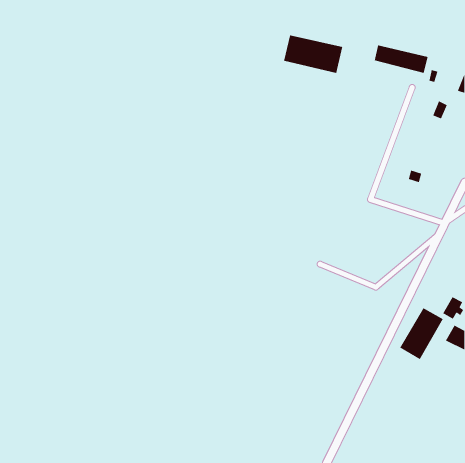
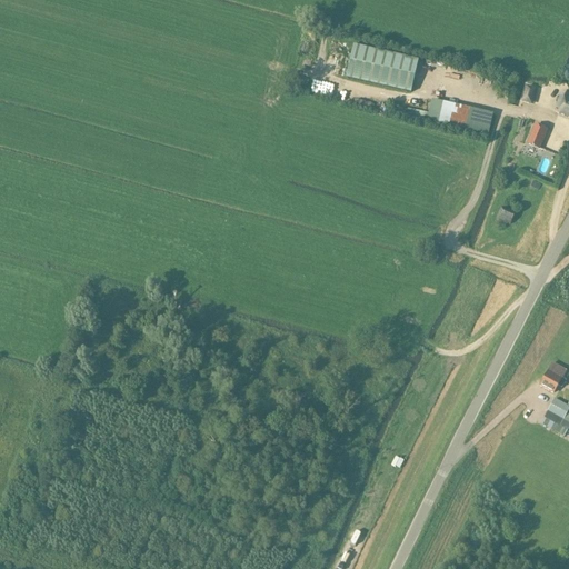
building: [374,45,429,74] -> [427,97,493,132]
building: [399,307,444,360] -> none

